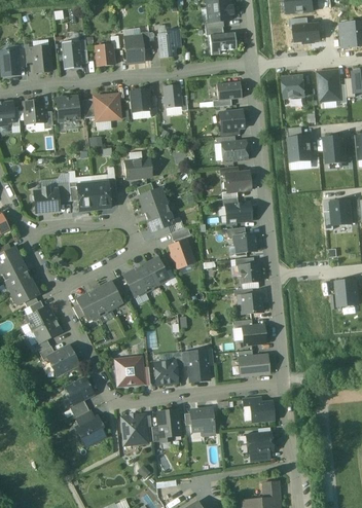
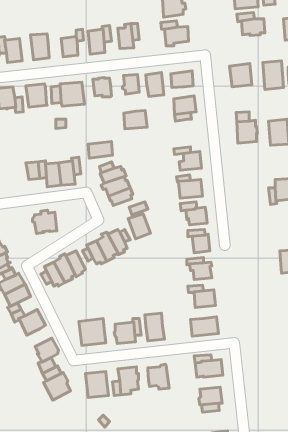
building: none -> [146,72,164,96]
building: [221,140,247,160] -> [124,110,147,129]
building: [32,186,59,212] -> [33,210,57,234]

